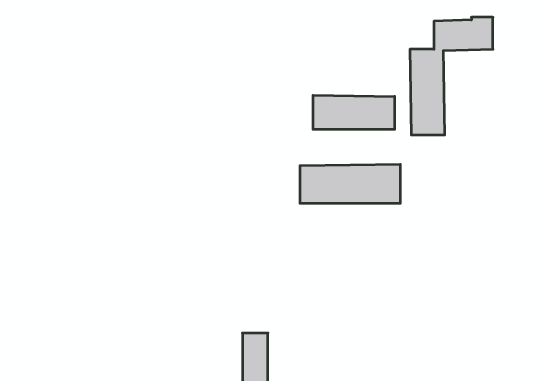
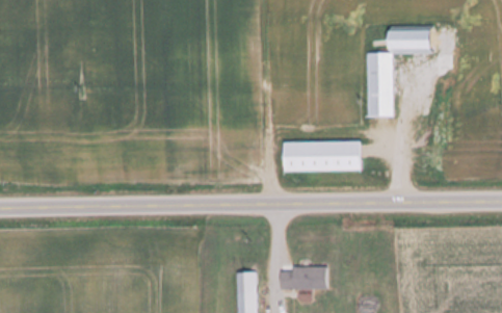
building: [313,95,395,129] -> none
building: none -> [281,266,327,289]

